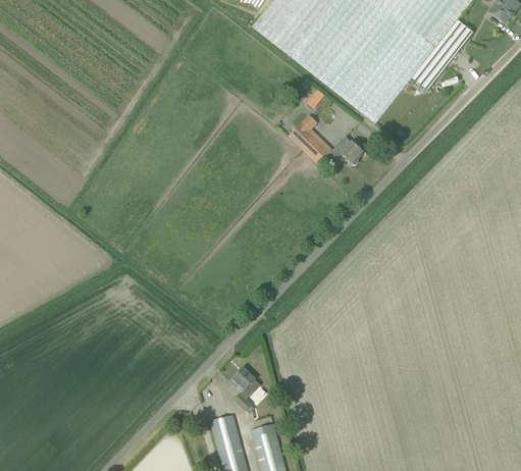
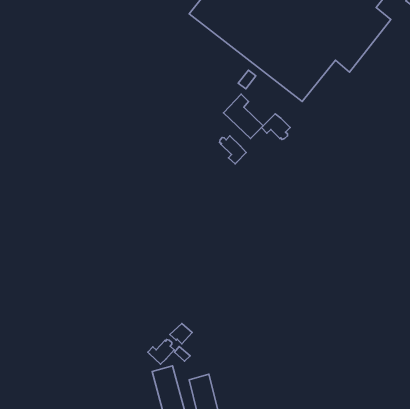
building: none -> [220,136,246,164]
building: none -> [148,339,174,364]

